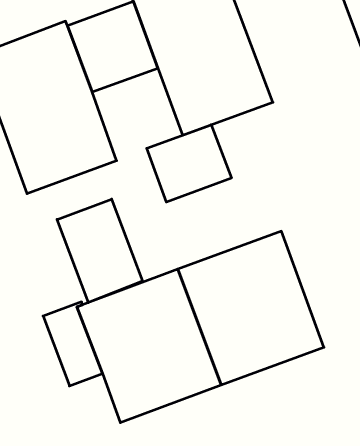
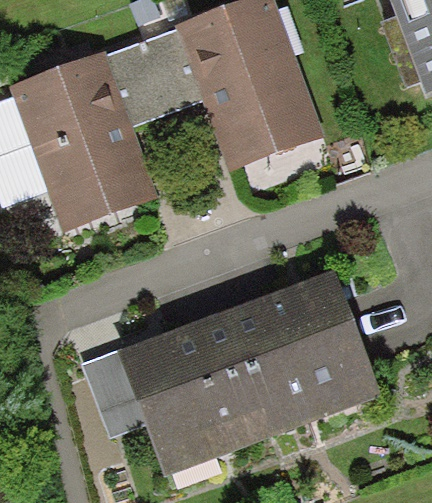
building: [147,125,231,202] -> none
building: [57,199,142,303] -> none

